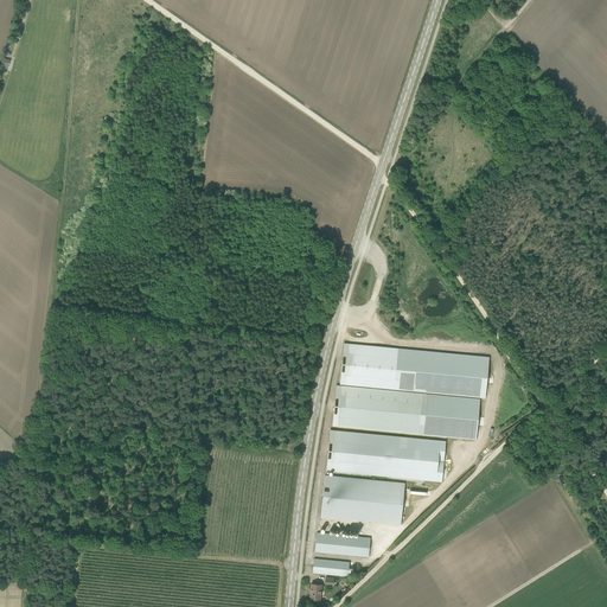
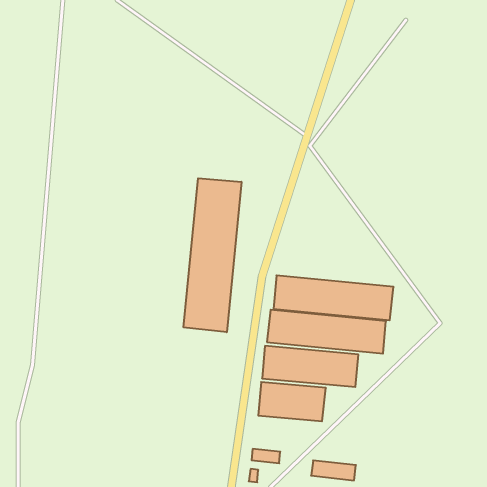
building: none -> [184,178,241,332]
building: [314,532,370,557] -> [311,460,356,480]

